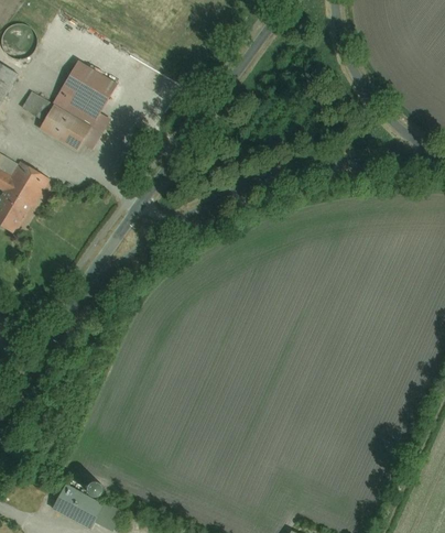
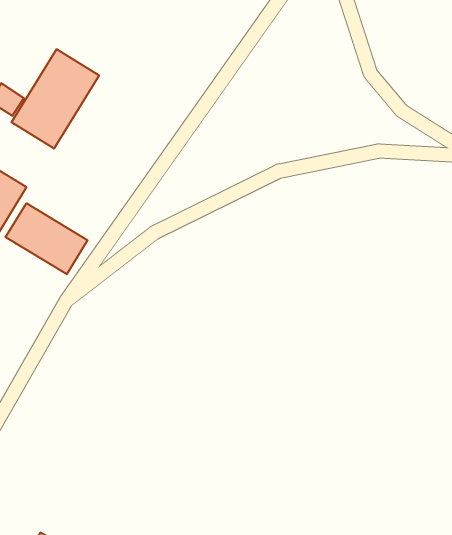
building: none -> [6,203,87,274]

